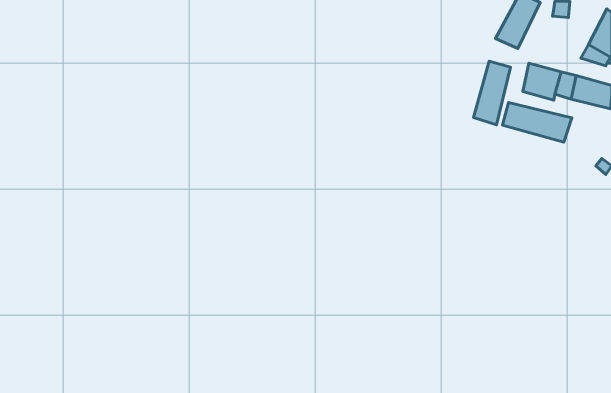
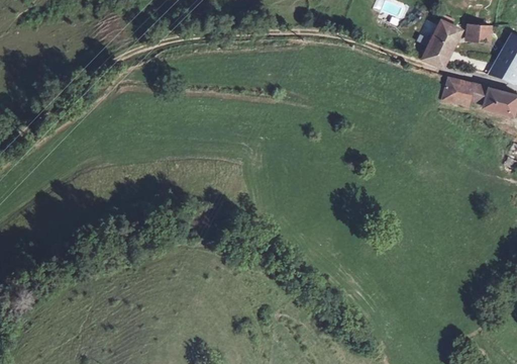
building: [473,61,511,125] -> none
building: [503,102,572,142] -> none

